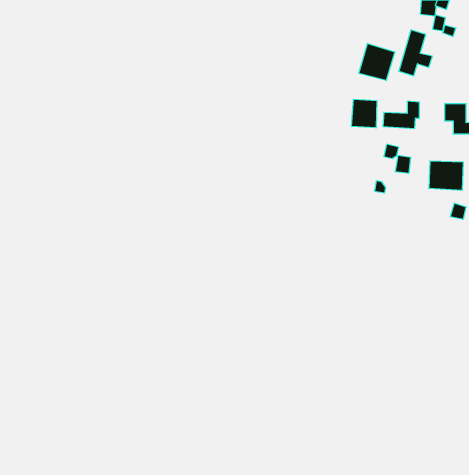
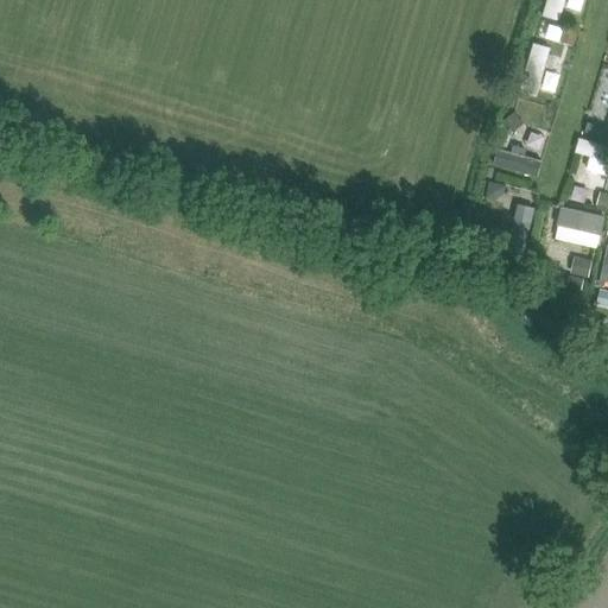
building: [359,43,395,81] -> none
building: [352,99,377,128] -> none

